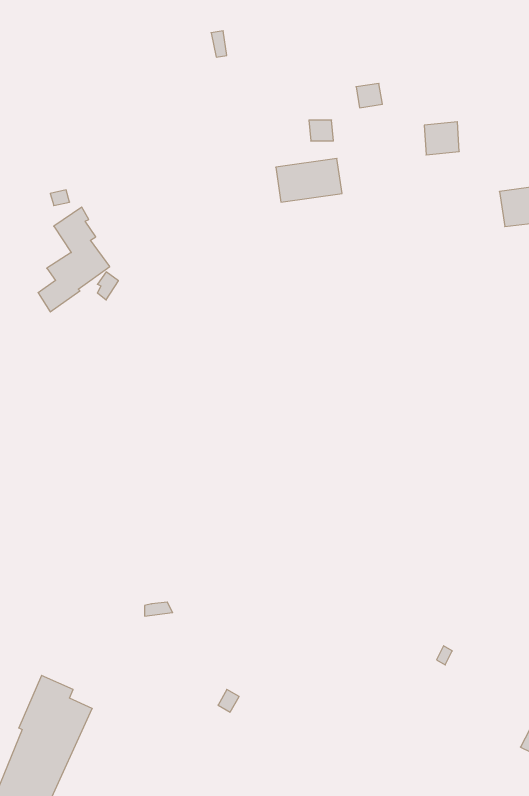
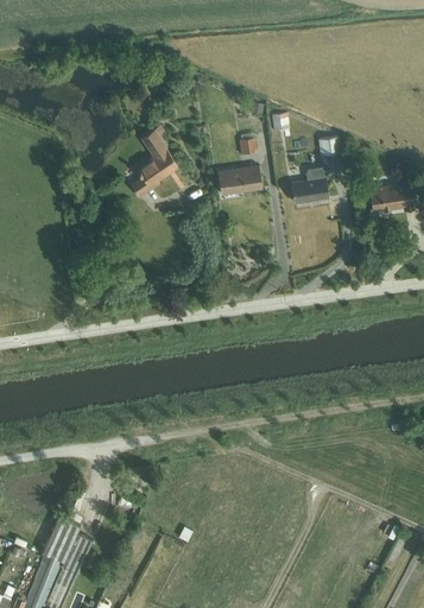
building: none -> [291,167,328,204]
building: [38,207,110,312] -> [129,127,178,198]

